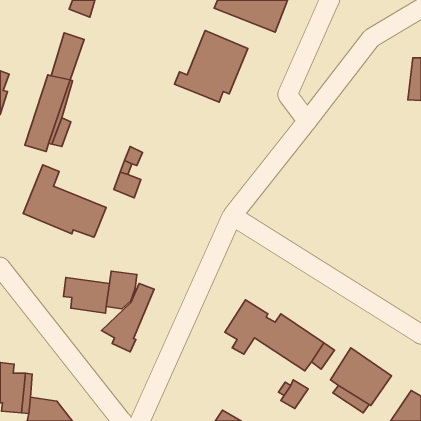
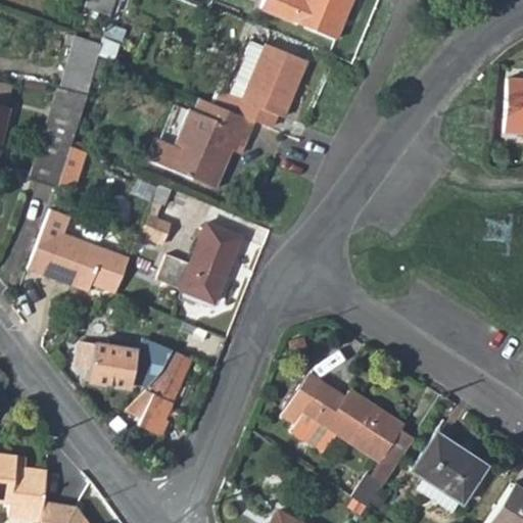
building: none -> [150,98,256,187]
building: none -> [155,224,241,304]

